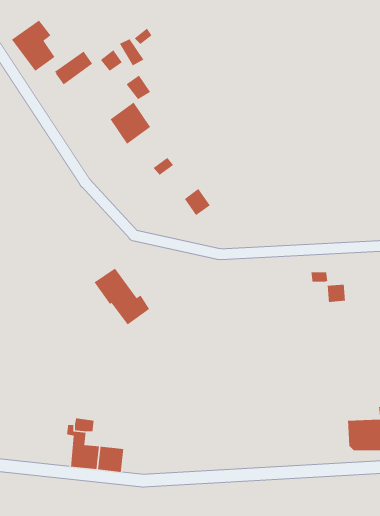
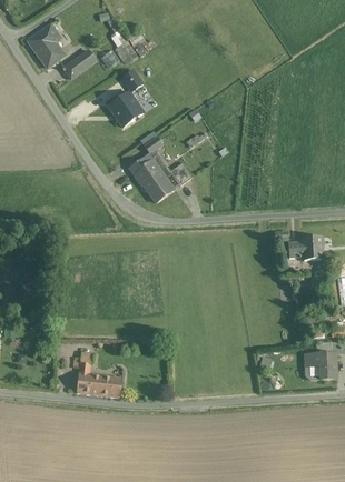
building: [94,267,150,325] -> [129,154,176,202]
building: none -> [303,234,323,260]

